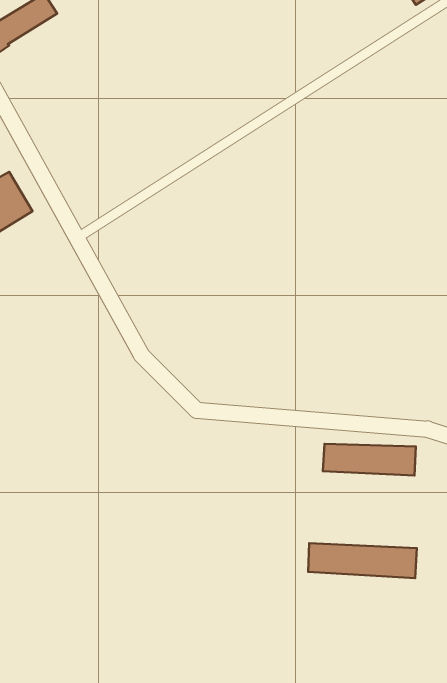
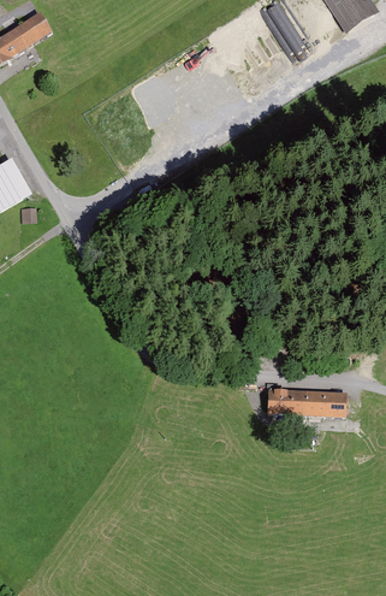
building: [308,543,417,578] -> none

